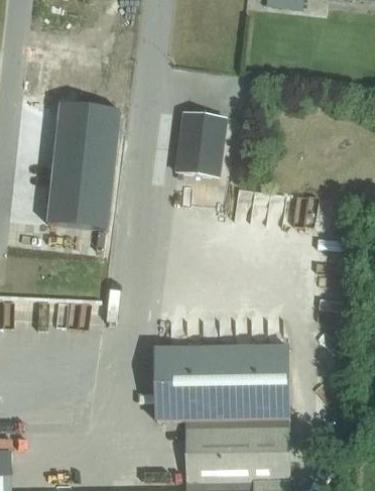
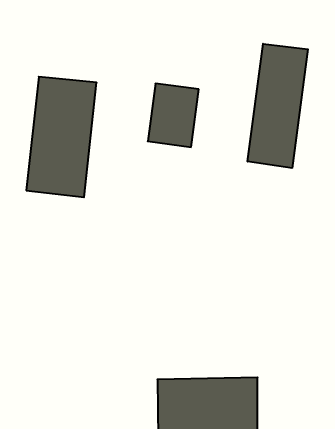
building: none -> [248,44,308,168]
building: [152,343,289,419] -> none

